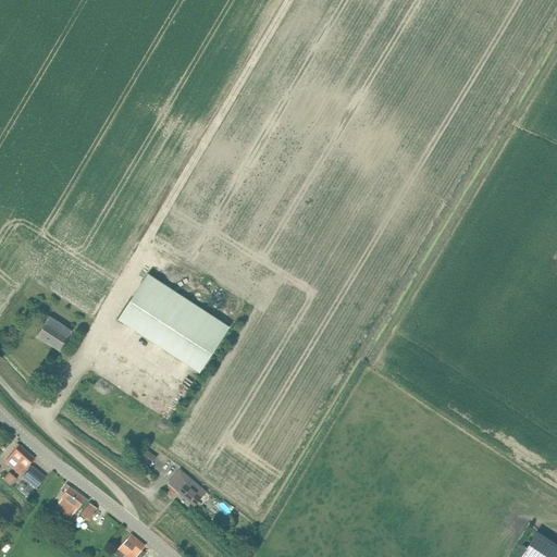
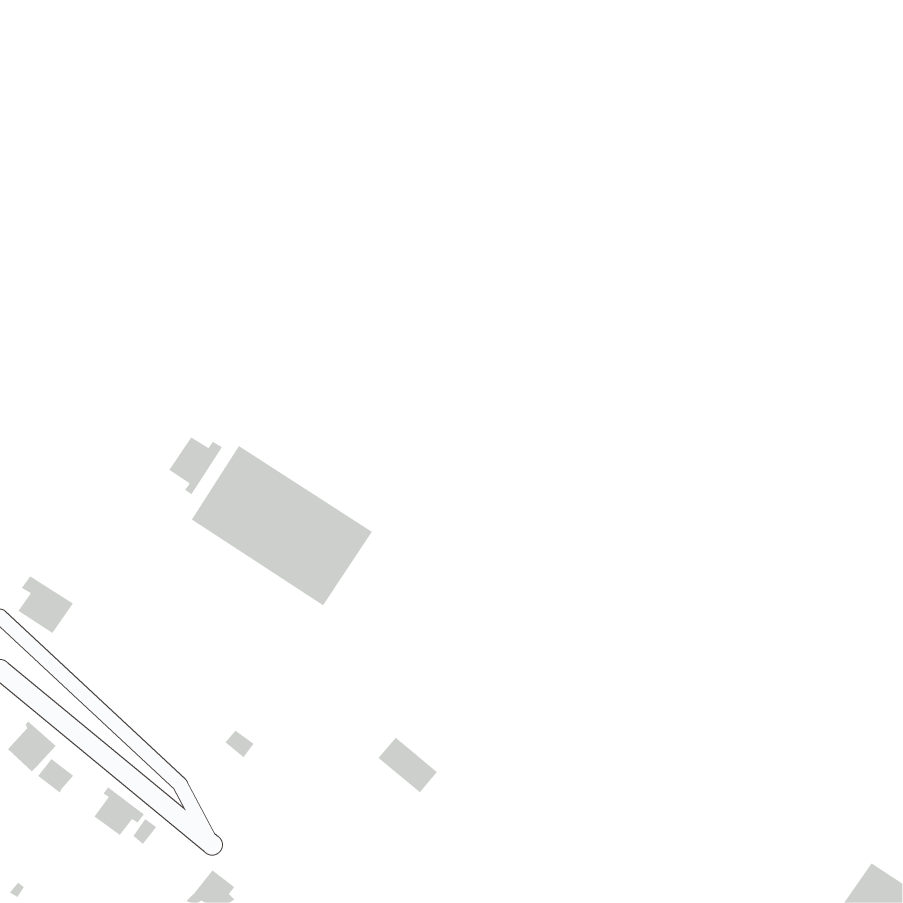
building: none -> [169,436,223,495]
building: [37,314,72,350] -> [17,575,74,634]
building: [169,471,206,506] -> [378,737,438,793]

